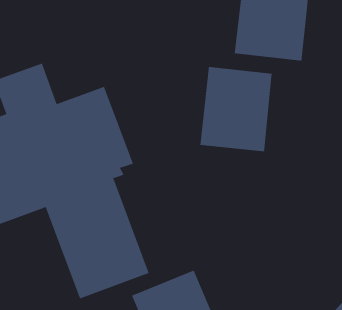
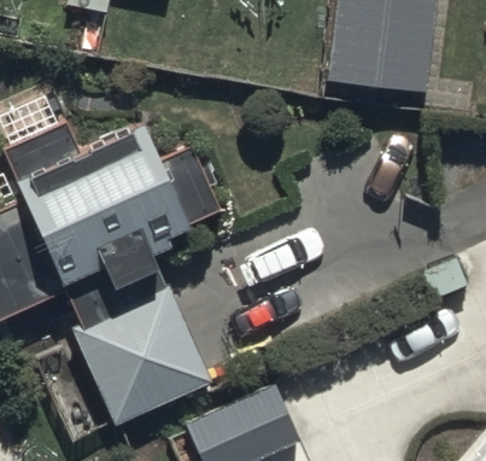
building: [200,66,272,152] -> none

